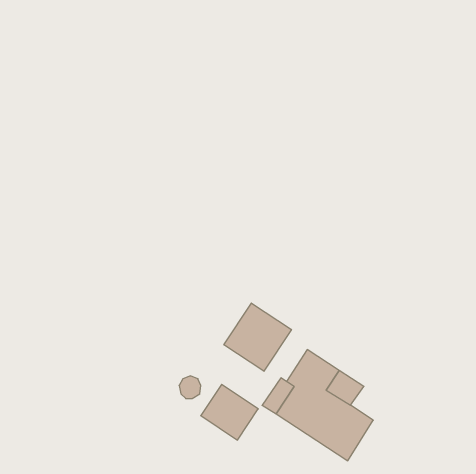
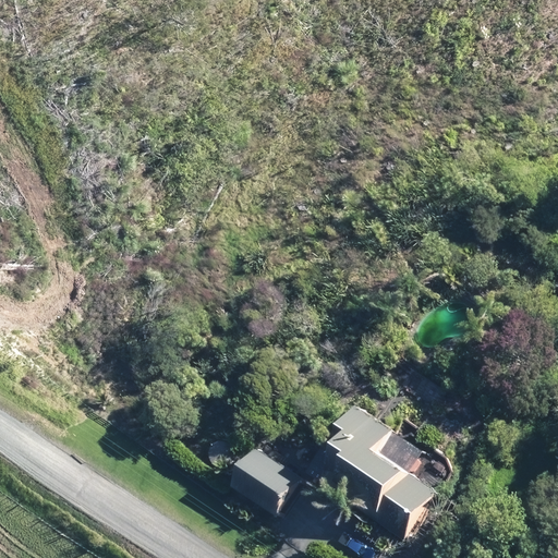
building: [224,303,291,371] -> none

